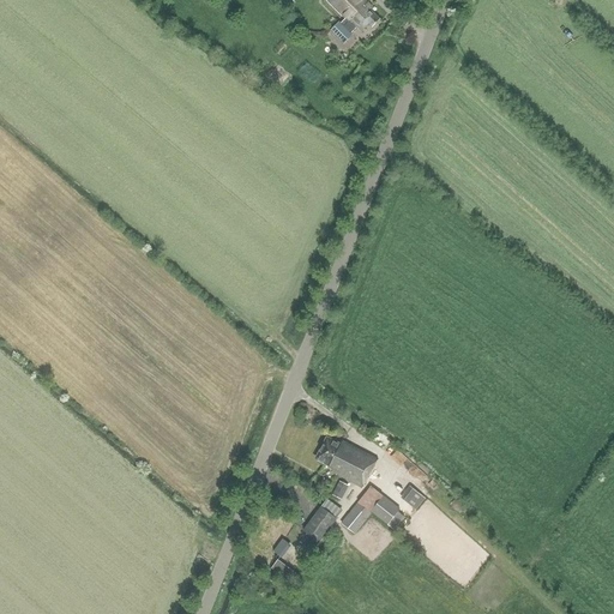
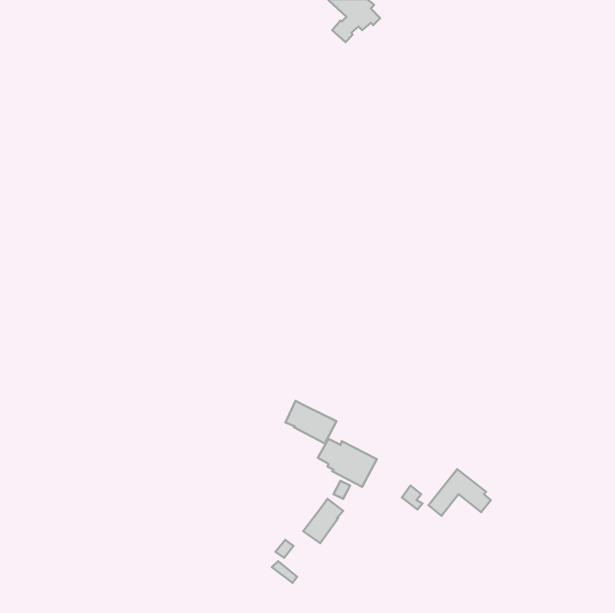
building: none -> [285,401,336,443]
building: [342,486,404,532] -> [428,469,491,516]

